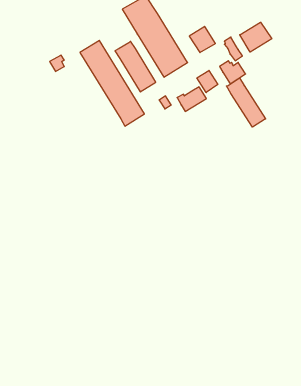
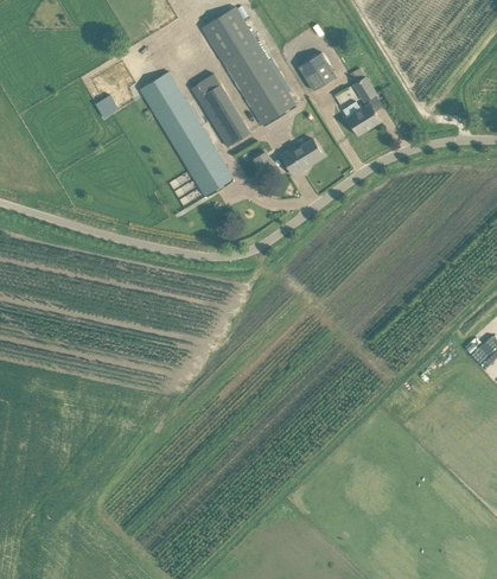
building: [240,22,272,52] -> none
building: [197,70,218,93] -> none
building: [226,78,266,127] -> none

